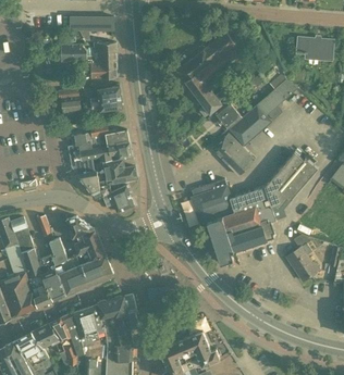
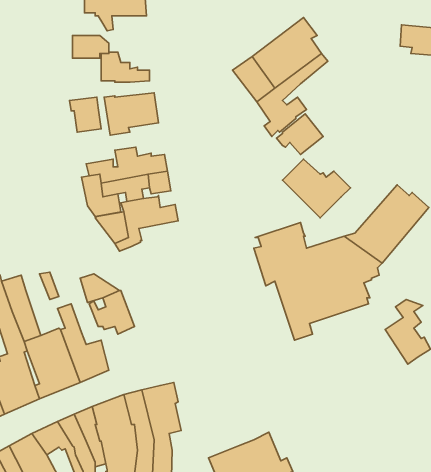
building: [94,42,116,68] -> none
building: [231,78,298,146] -> none
building: [103,185,135,211] -> none
building: [67,253,113,285] -> none

